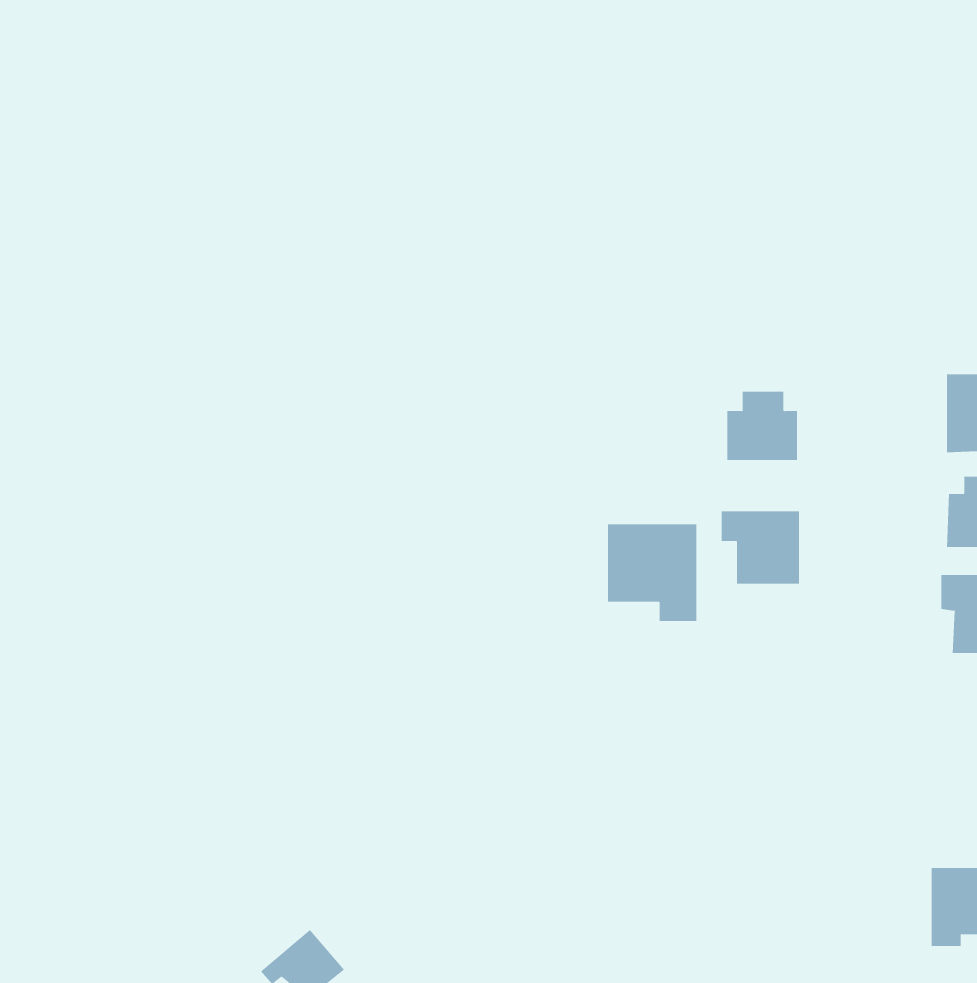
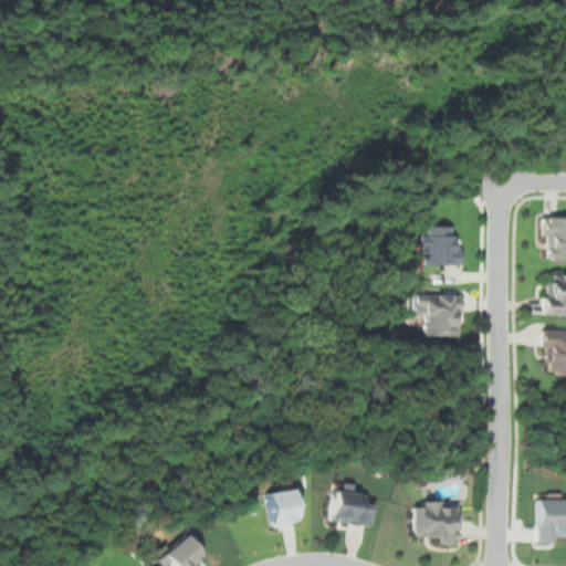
building: [607,524,697,622] -> none
building: none -> [331,483,374,526]
building: none -> [264,488,295,527]
building: none -> [415,502,460,544]

